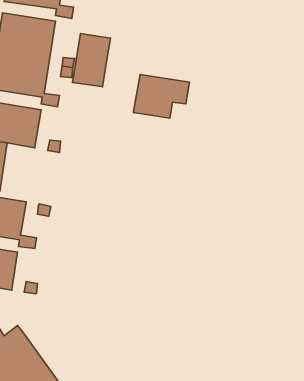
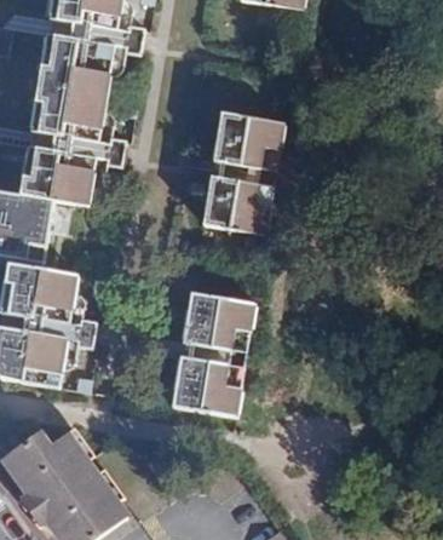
building: [72,34,111,87] -> none
building: none -> [202,174,270,234]
building: none -> [183,293,254,349]
building: none -> [173,356,241,415]

